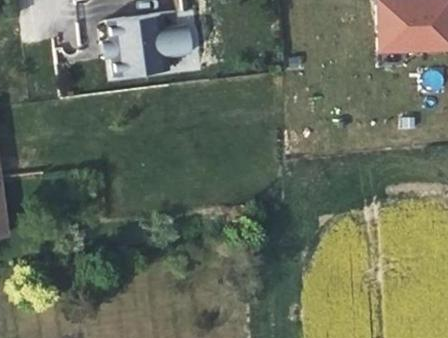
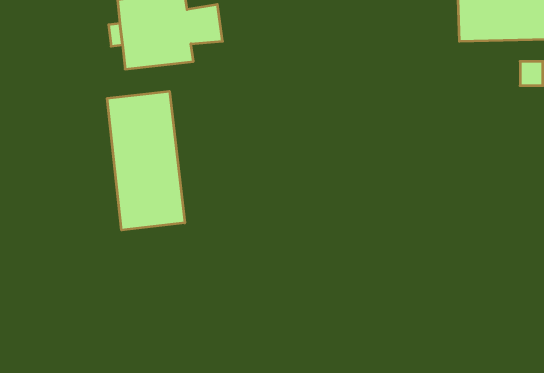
building: none -> [107,91,185,230]

